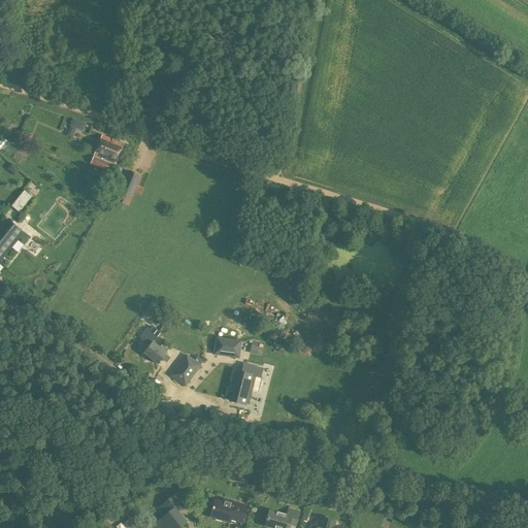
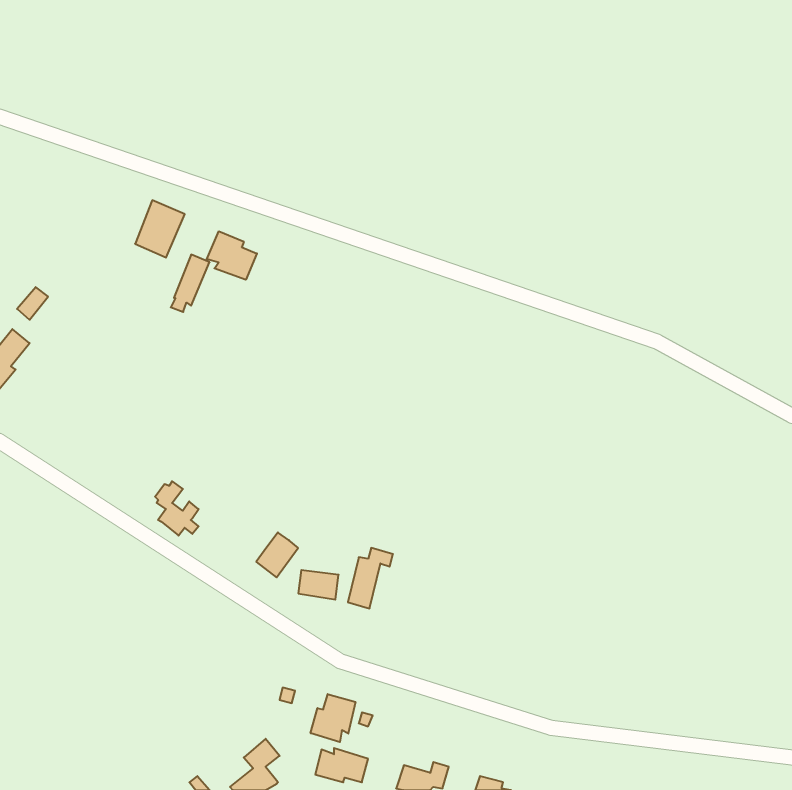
building: none -> [207,231,257,280]
building: [140,326,169,362] -> [155,481,199,536]
building: [213,336,240,356] -> [298,570,339,600]
building: none -> [311,694,355,742]

